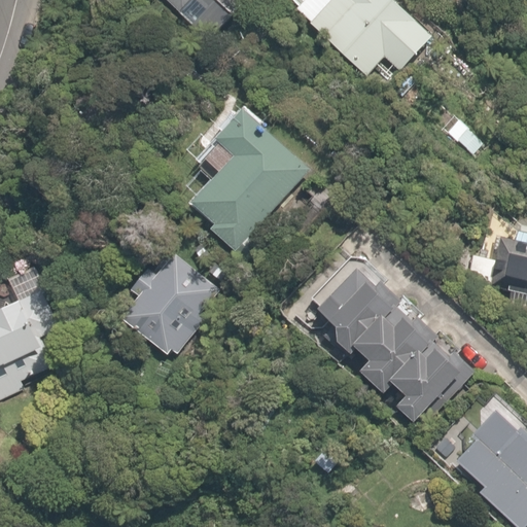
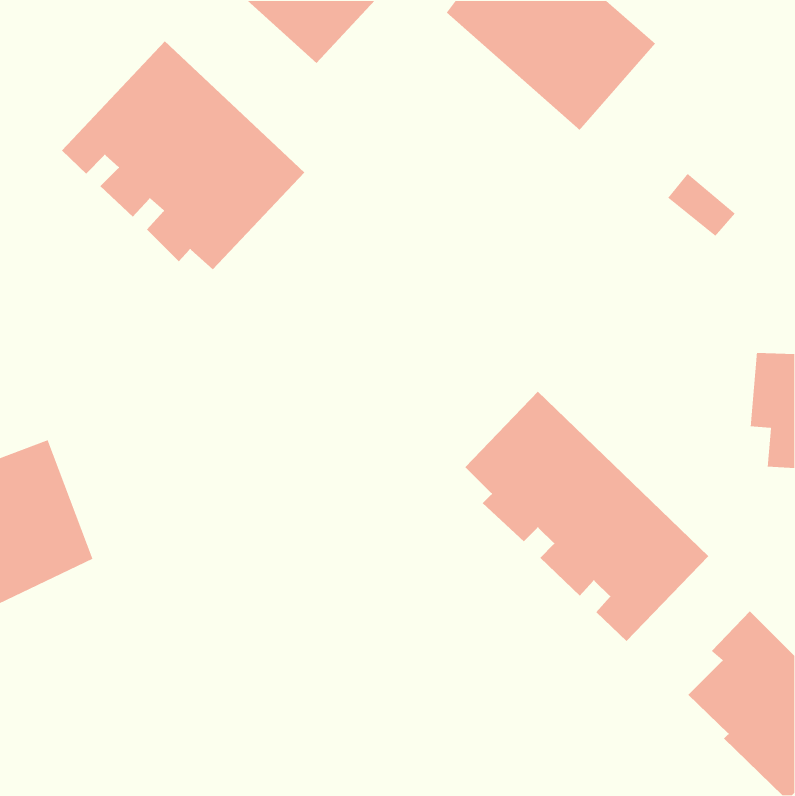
building: none -> [61,40,305,270]
building: [187,101,312,248] -> none
building: [125,244,229,360] -> none

